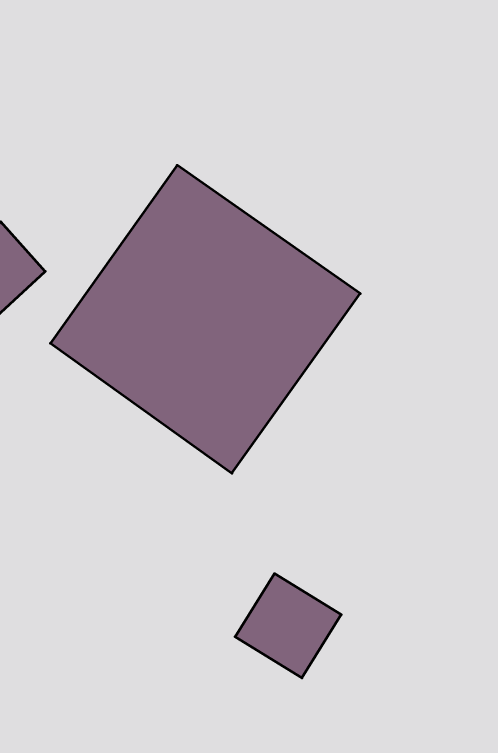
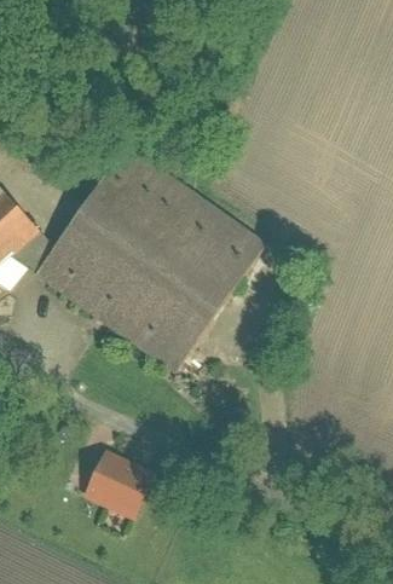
building: [235,574,341,678] -> [74,440,149,514]

